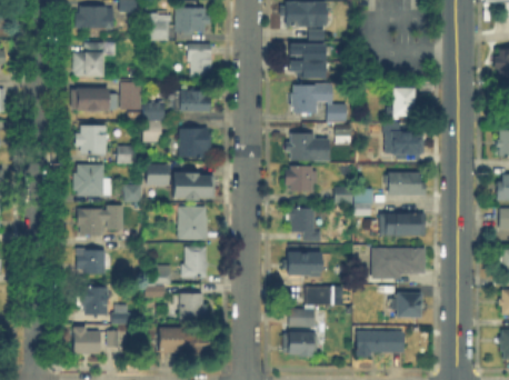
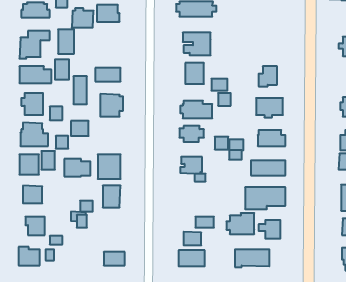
building: [190,44,211,77] -> [58,29,74,54]
building: [173,174,208,198] -> [64,159,90,176]
building: [283,249,320,277] -> [226,213,254,234]
building: [180,296,206,322] -> none
building: [160,330,182,353] -> none

